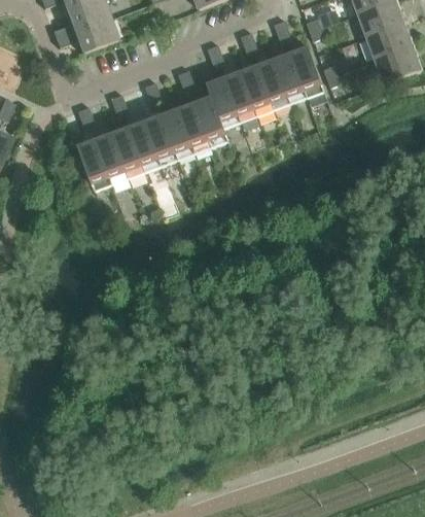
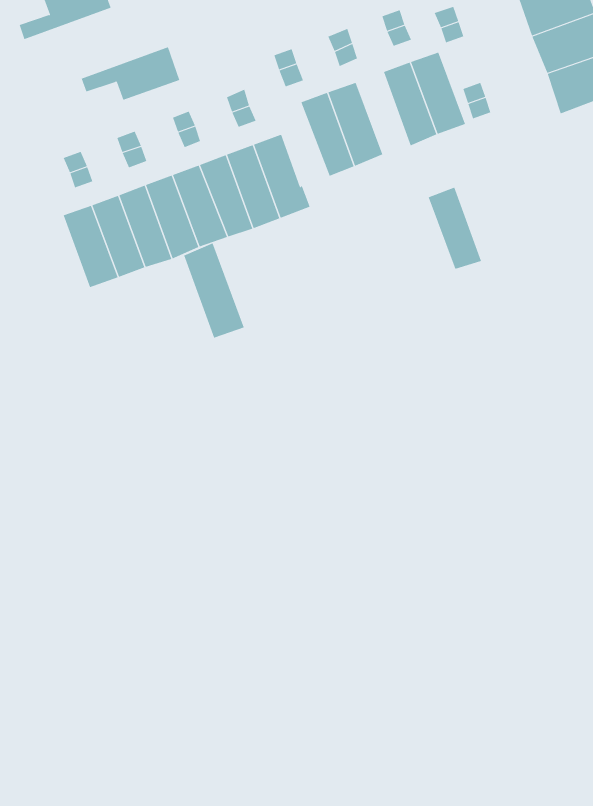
building: [55,18,115,50] -> [81,47,180,101]
building: [257,57,290,107] -> [428,187,482,270]
building: [206,75,241,127] -> none
building: none -> [184,243,244,339]

